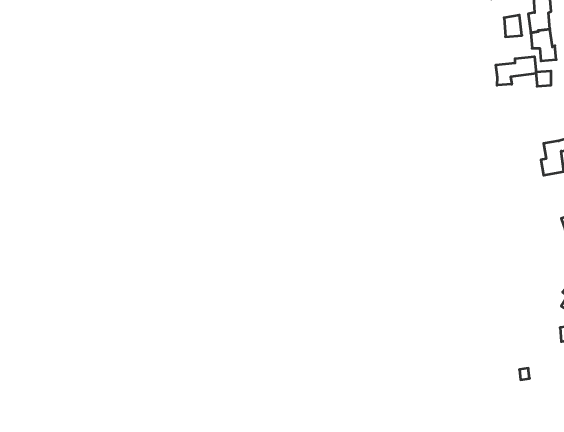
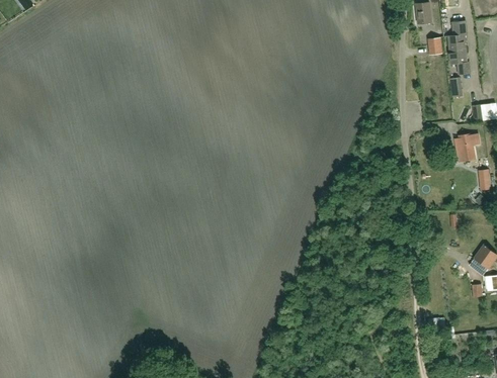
building: [496,57,536,85] -> none

